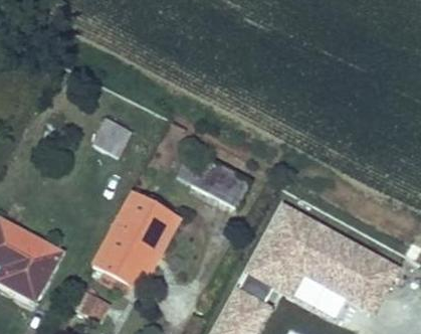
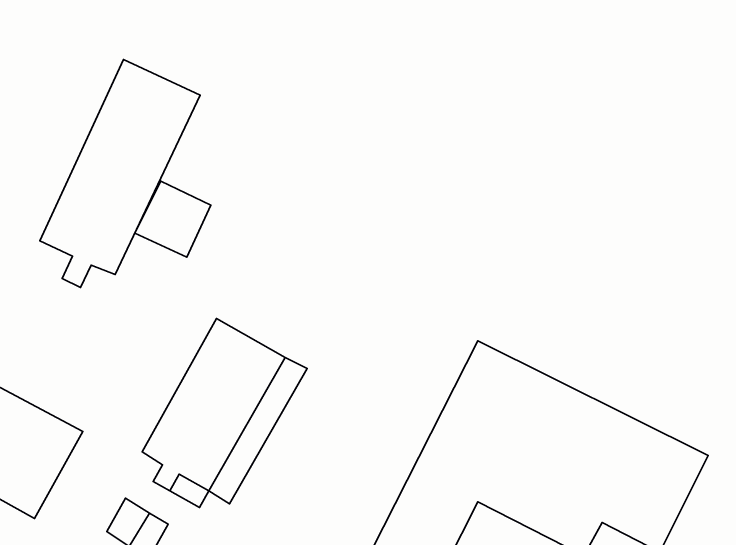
building: none -> [40,60,200,287]
building: [193,160,249,210] -> none

